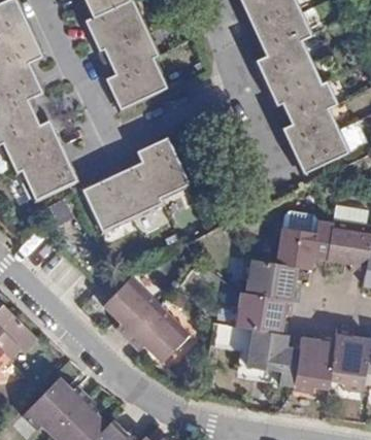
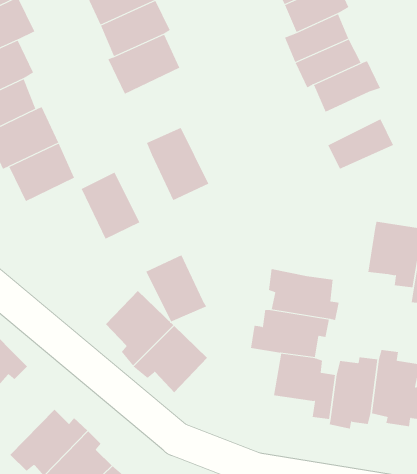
building: [282,107,338,153] -> none
building: [111,161,164,218] -> [145,254,207,322]
building: [275,221,333,269] -> none

